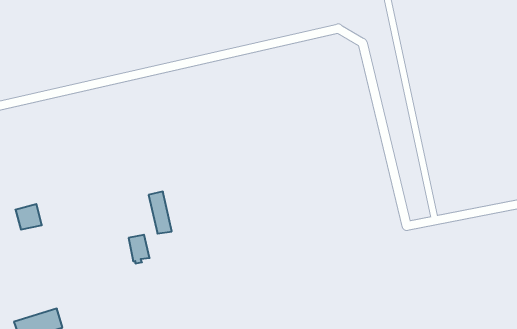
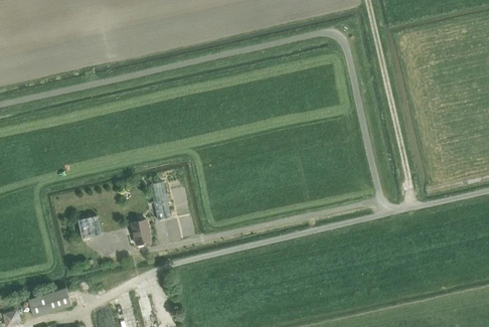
building: [15,204,42,230] -> [76,213,101,236]

